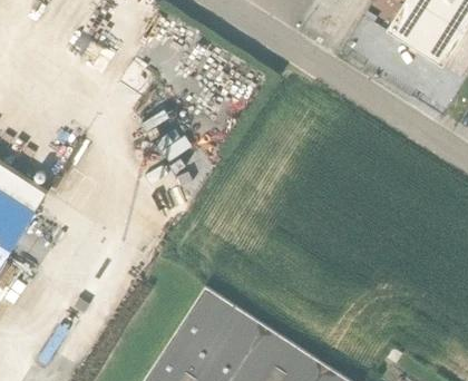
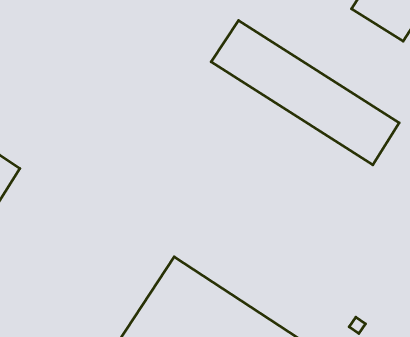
building: none -> [211,21,399,165]

